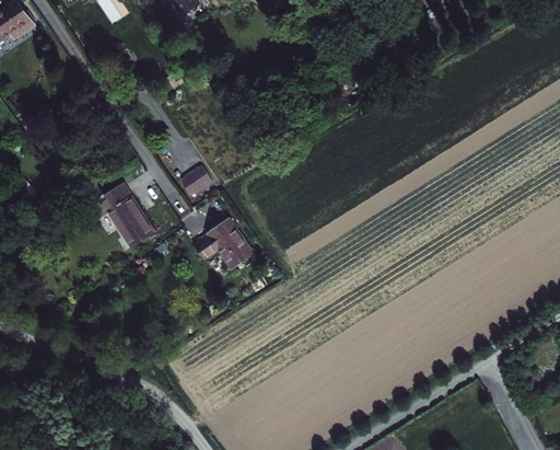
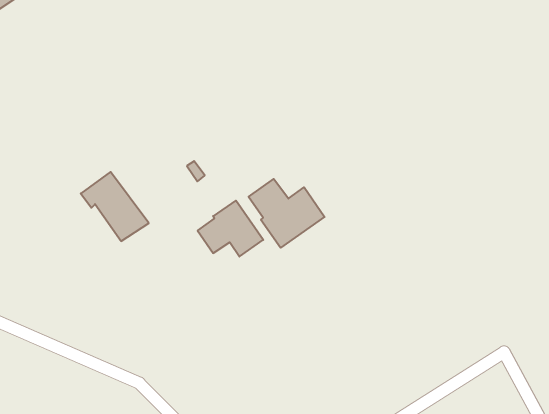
building: none -> [249,179,325,248]

